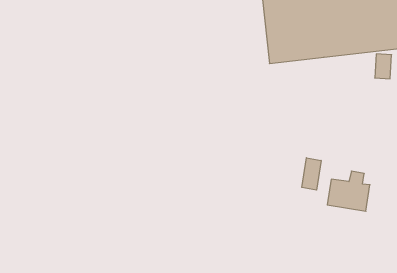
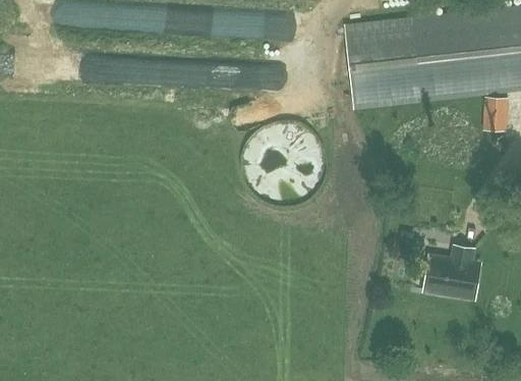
building: [302,158,321,190] -> none

